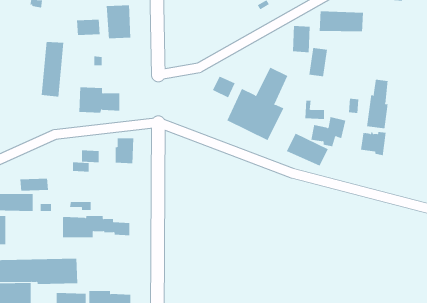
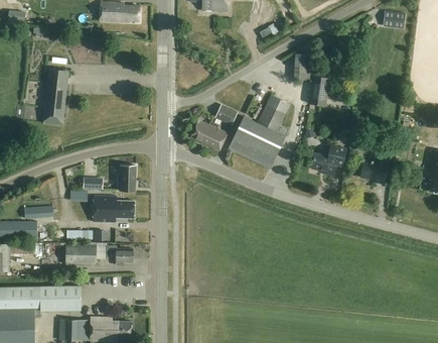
building: [106,4,131,39] -> none
building: [319,11,363,32] -> none
building: [366,79,388,129] -> none
building: [78,87,120,113] -> [93,196,134,222]
building: none -> [190,119,228,150]
building: [286,133,328,167] -> none

